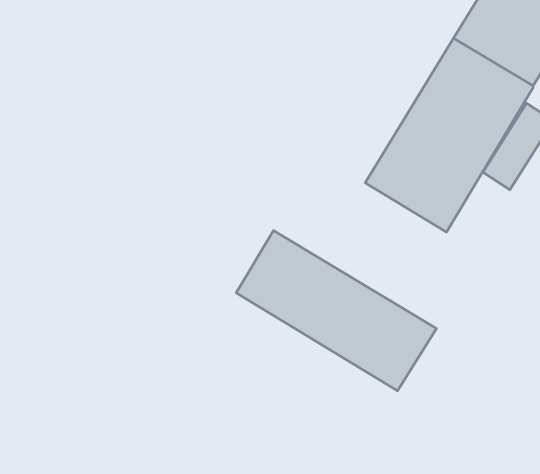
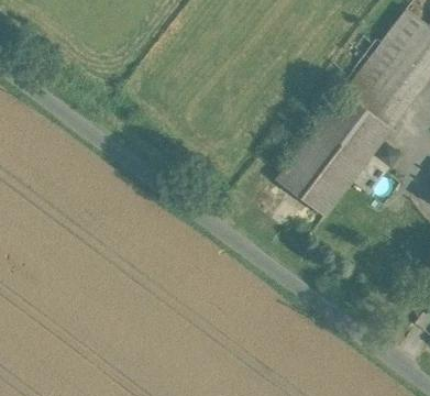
building: [236,231,437,391] -> none

